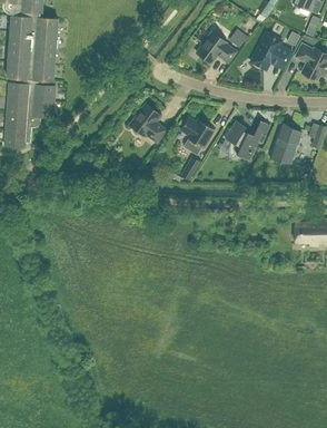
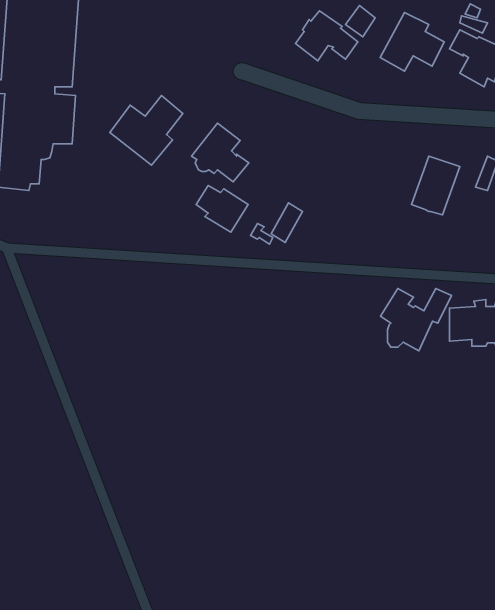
building: none -> [110,95,183,165]
building: [180,117,214,147] -> [196,185,248,232]
building: [225,120,270,160] -> [381,288,452,351]

